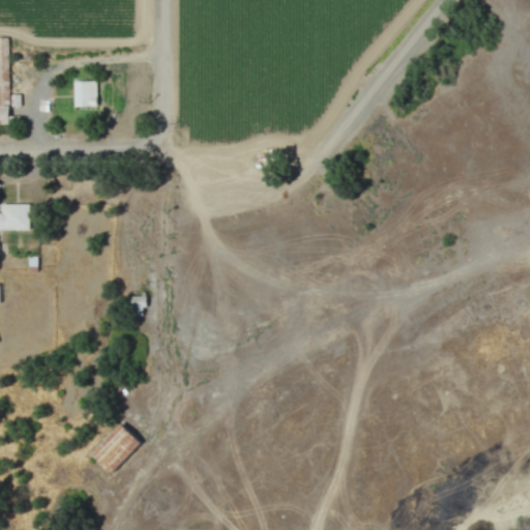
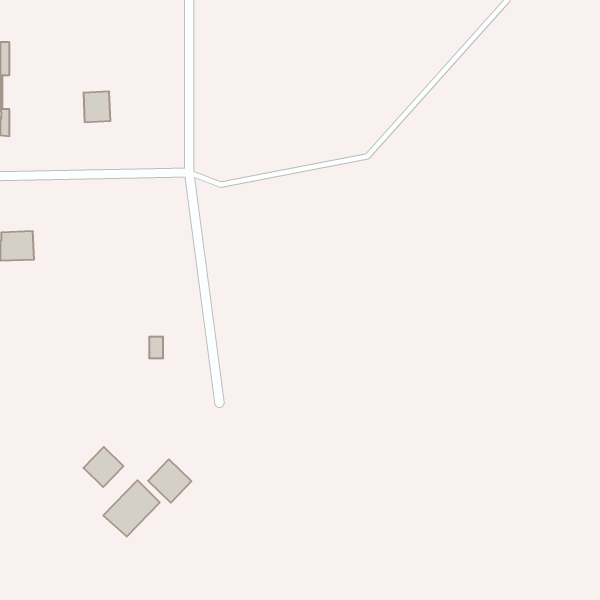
building: none -> [83,447,123,487]
building: none -> [148,459,191,503]

